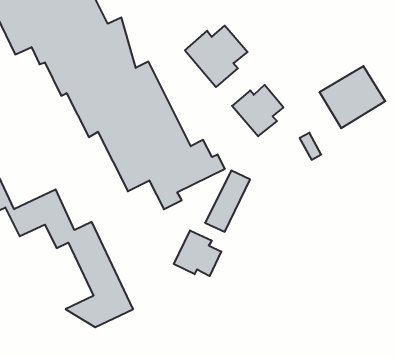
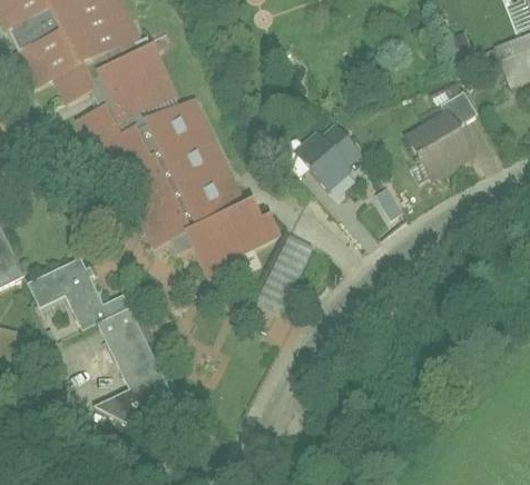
building: [185,26,248,87] -> none
building: [174,230,221,276] -> none

